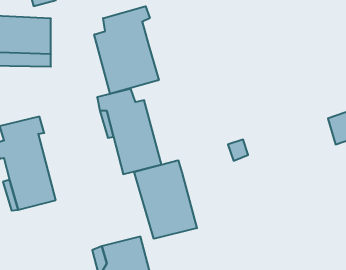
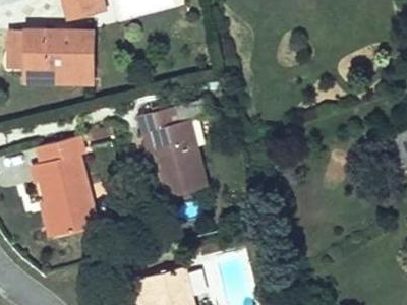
building: [94,6,159,94] -> none
building: [134,160,197,239] -> none

